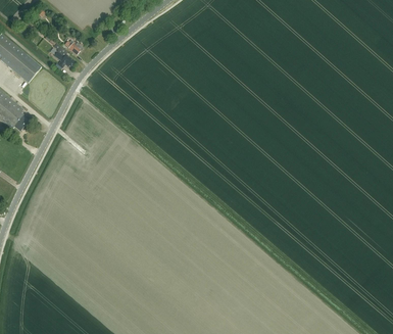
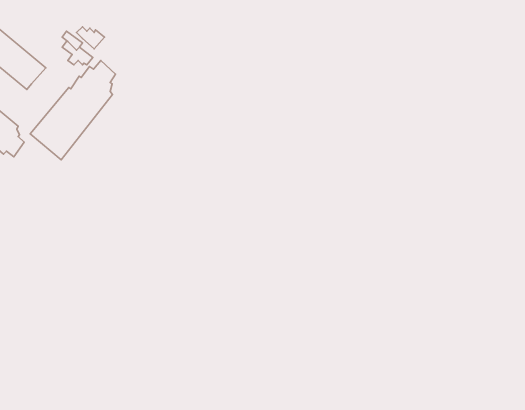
building: none -> [30,60,116,160]

